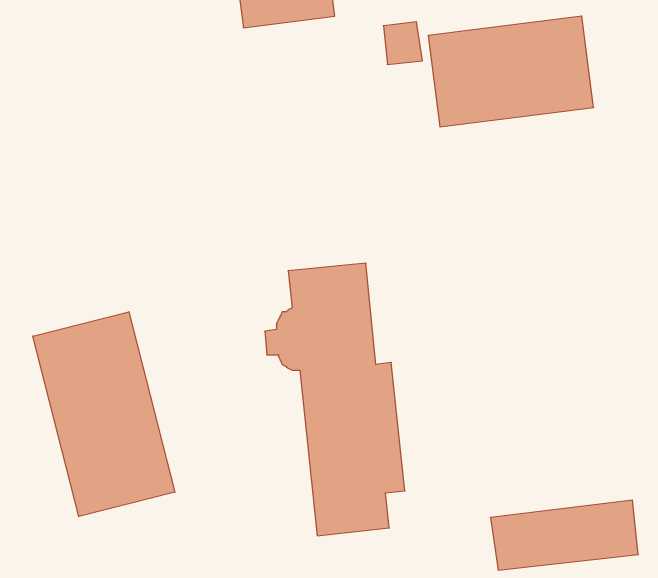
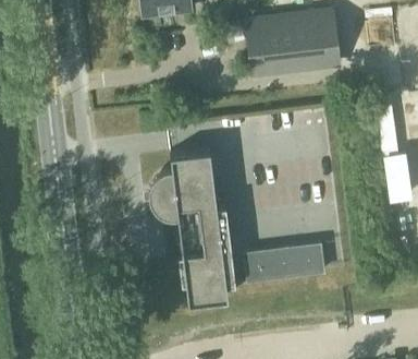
building: [33,312,175,517] -> none
building: [490,500,638,570] -> [243,243,325,283]

